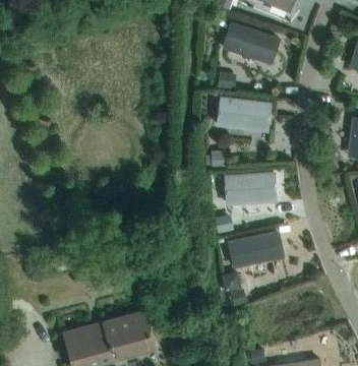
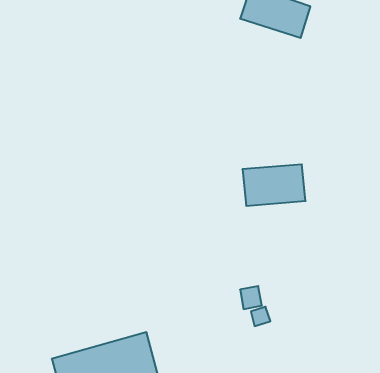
building: [217,97,272,132] -> none
building: [227,231,284,268] -> none

